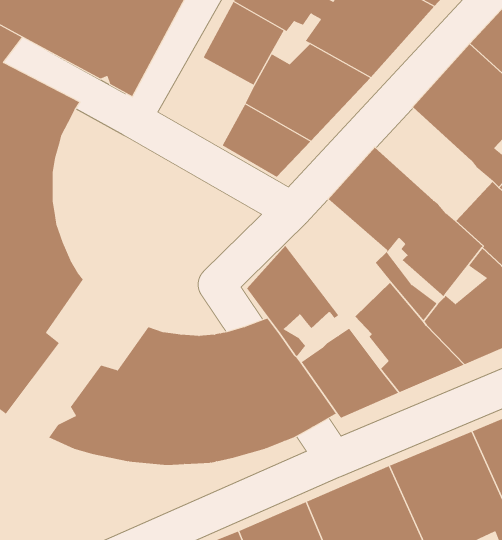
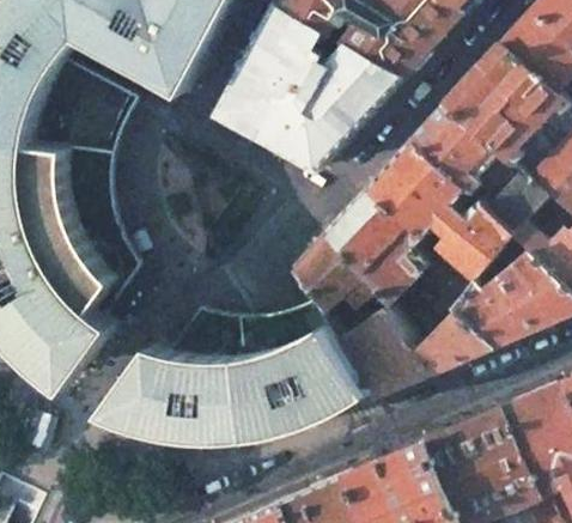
building: none -> [211,63,288,146]
building: none -> [402,110,512,217]
building: none -> [318,196,416,314]

